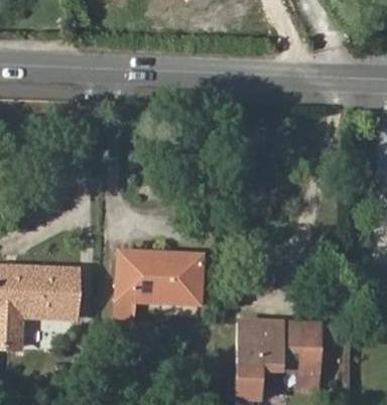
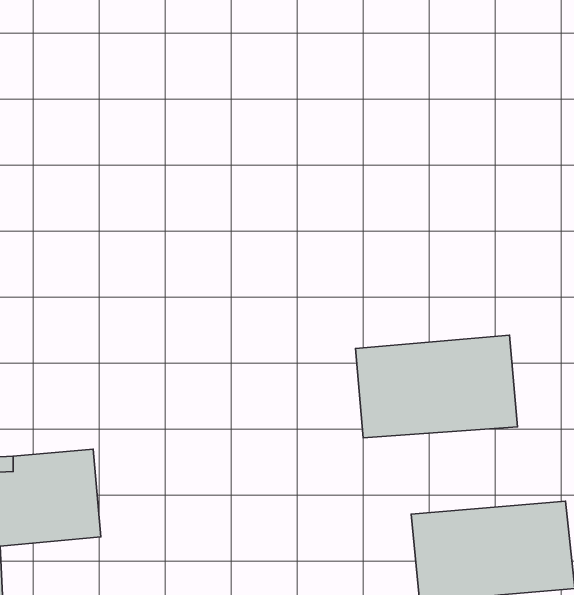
building: [116,251,199,301] -> [355,335,518,438]

